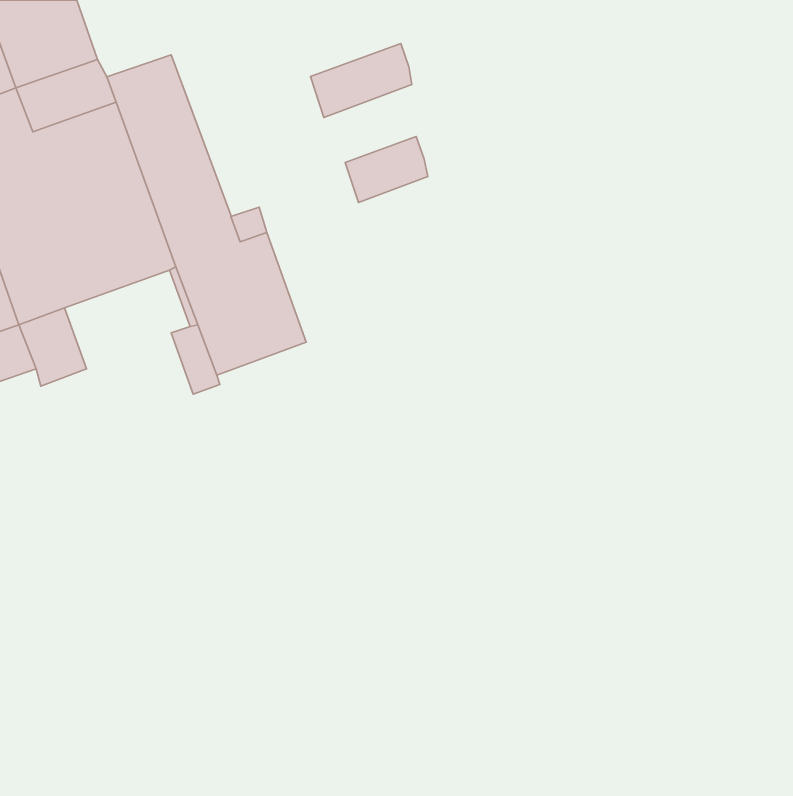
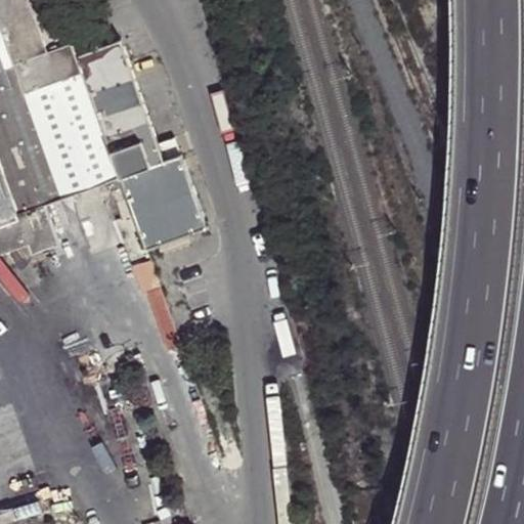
building: [310,43,412,118] -> none
building: [345,137,428,203] -> none

